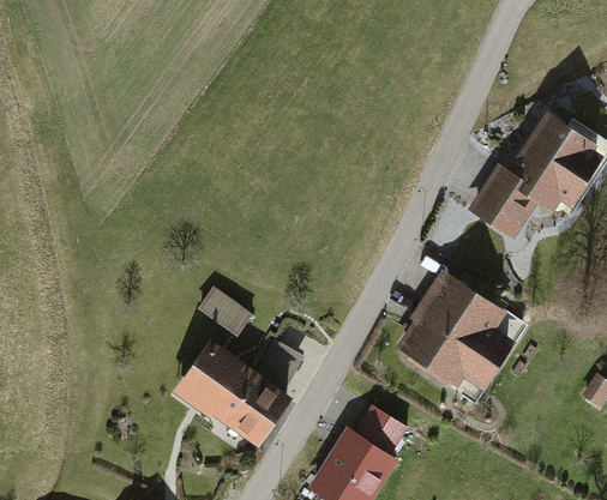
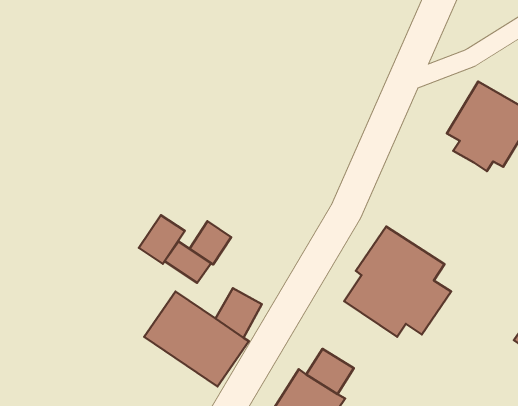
building: [470,162,540,237] -> none
building: none -> [139,215,185,264]
building: none -> [189,221,231,265]

